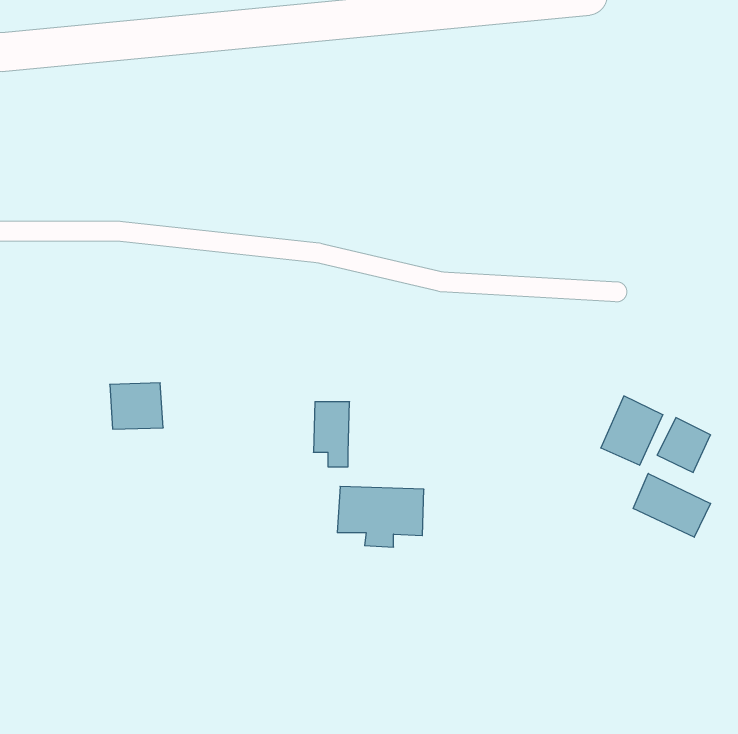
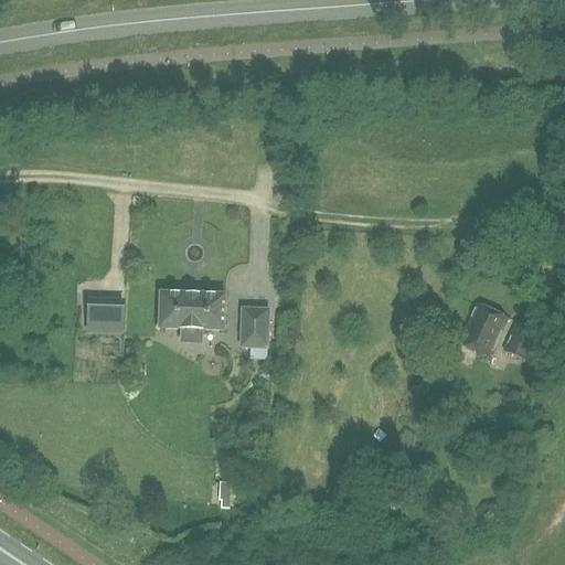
building: [633,473,711,537] -> none
building: [337,486,424,547] -> [158,291,224,338]

